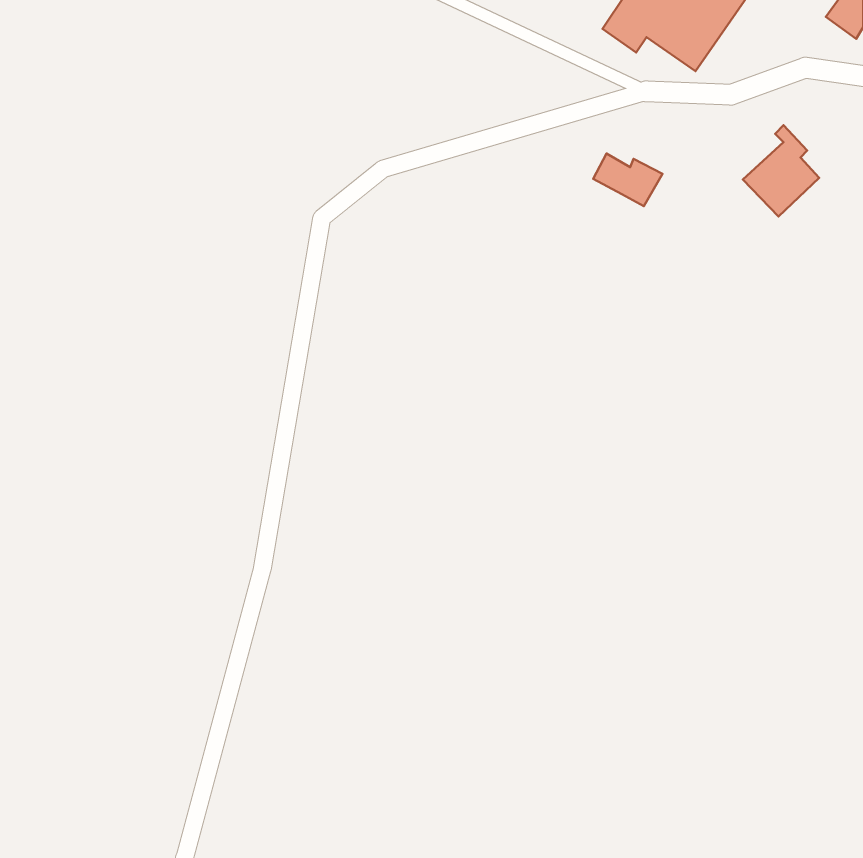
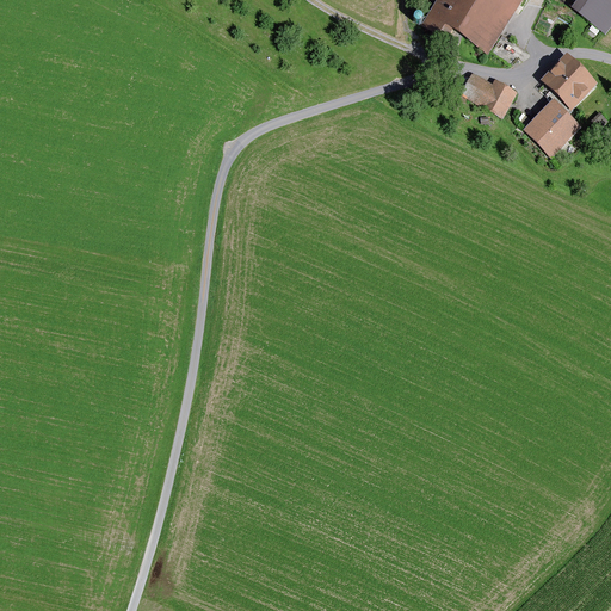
building: none -> [544,56,594,106]
building: [593,154,662,206] -> [465,76,514,113]

